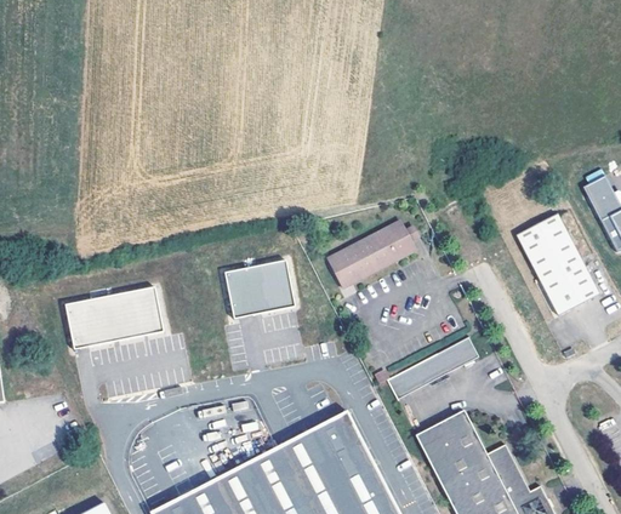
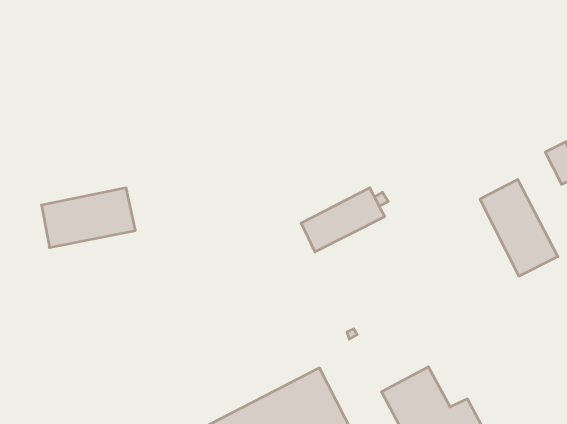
building: [222,261,294,320] -> none
building: [63,289,163,352] -> [41,188,135,248]
building: [388,337,479,398] -> none

